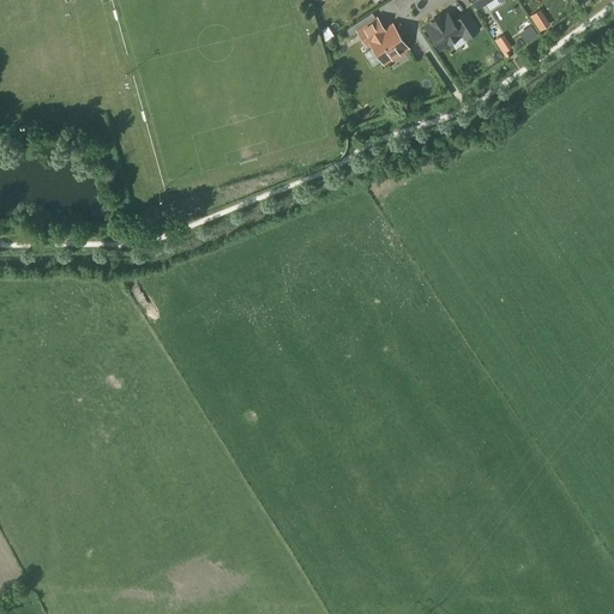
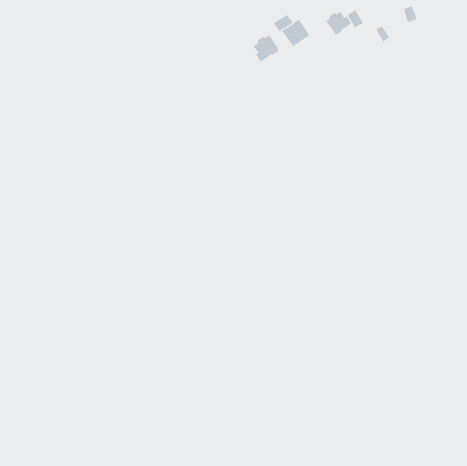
building: none -> [253,35,280,62]

